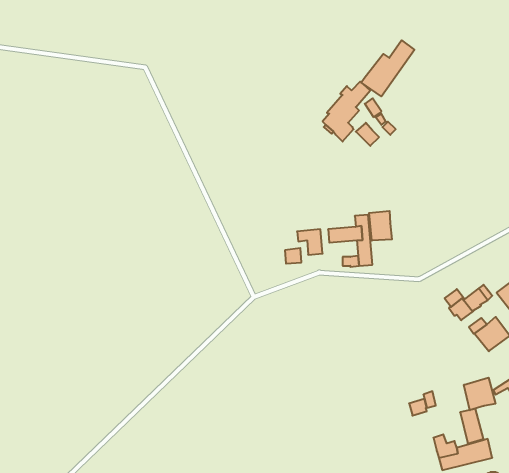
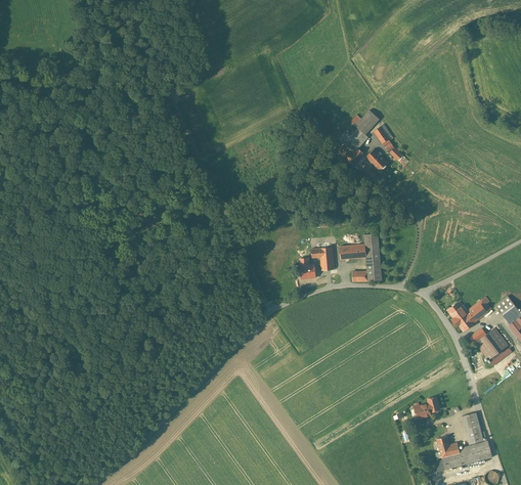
building: [361,40,414,96] -> none
building: [369,211,392,241] -> none
building: [464,378,495,410] -> none

